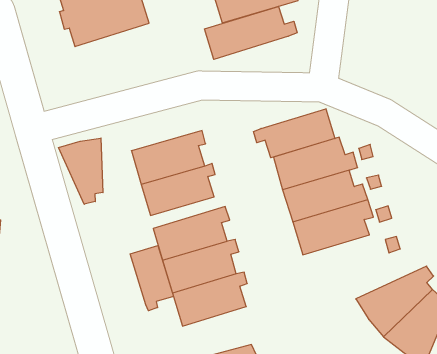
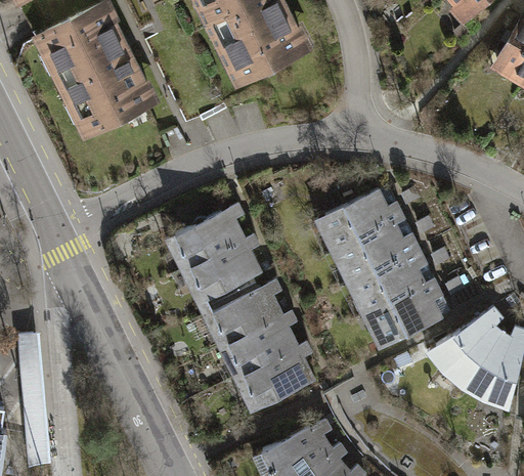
building: [204,6,297,59] -> none
building: [253,109,335,158] -> none
building: [58,138,103,204] -> none
building: none -> [363,279,446,349]
building: [130,246,173,311] -> none

